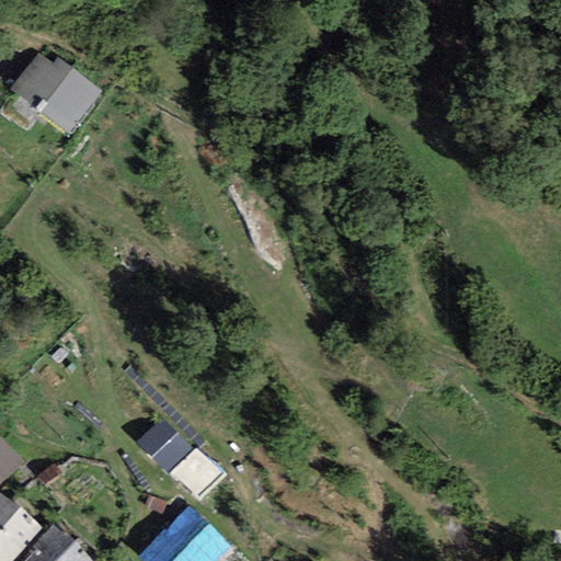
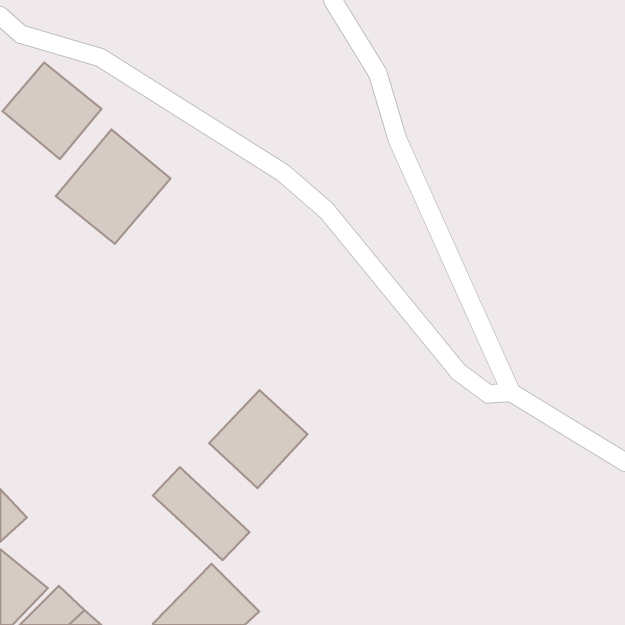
building: none -> [56,129,171,244]
building: none -> [209,390,308,488]

